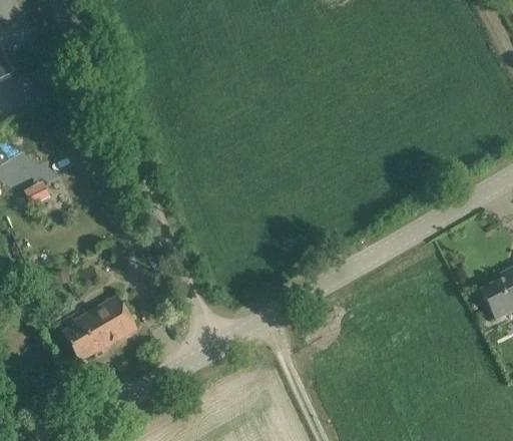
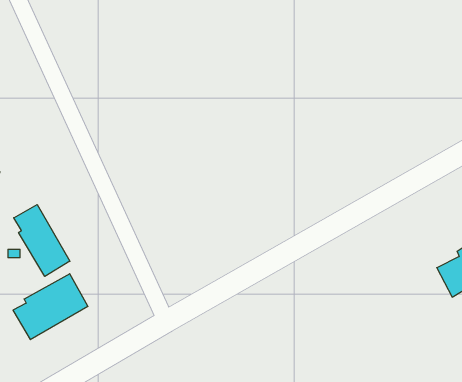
building: none -> [14,205,70,276]

